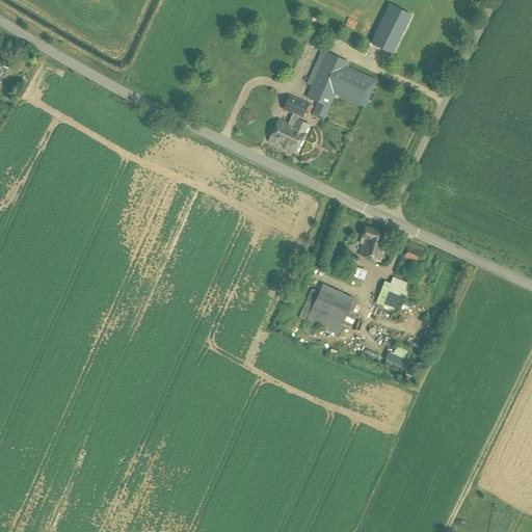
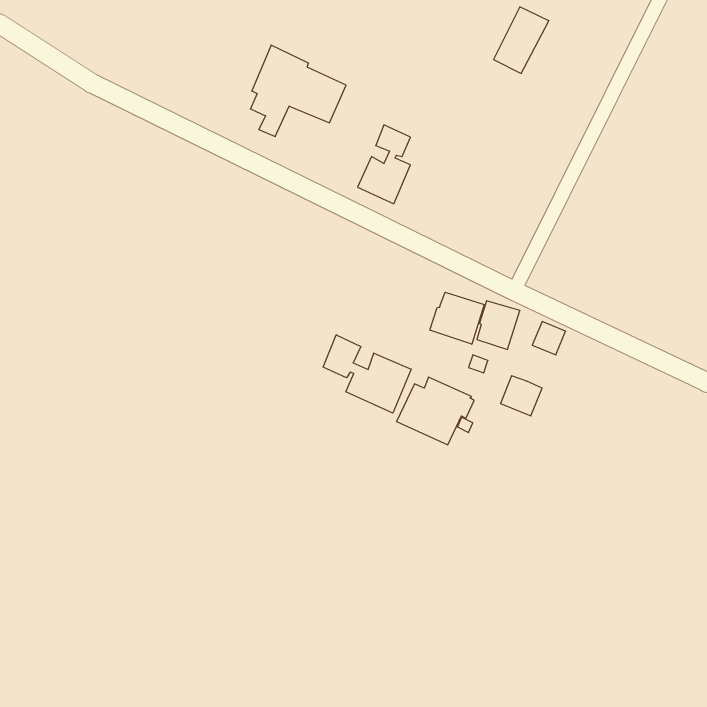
building: [304,49,376,117] -> [250,45,346,137]
building: none -> [430,292,484,344]
building: none -> [323,335,411,413]

